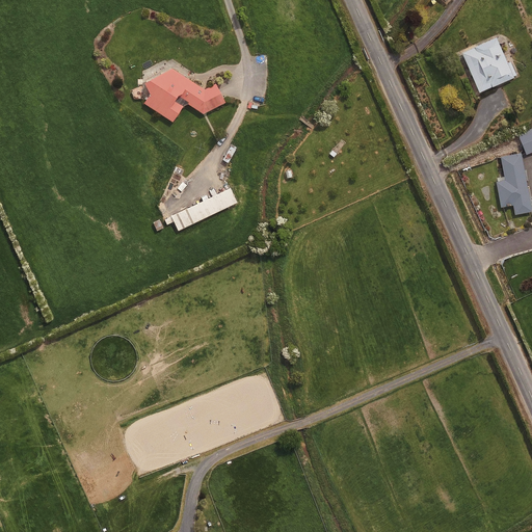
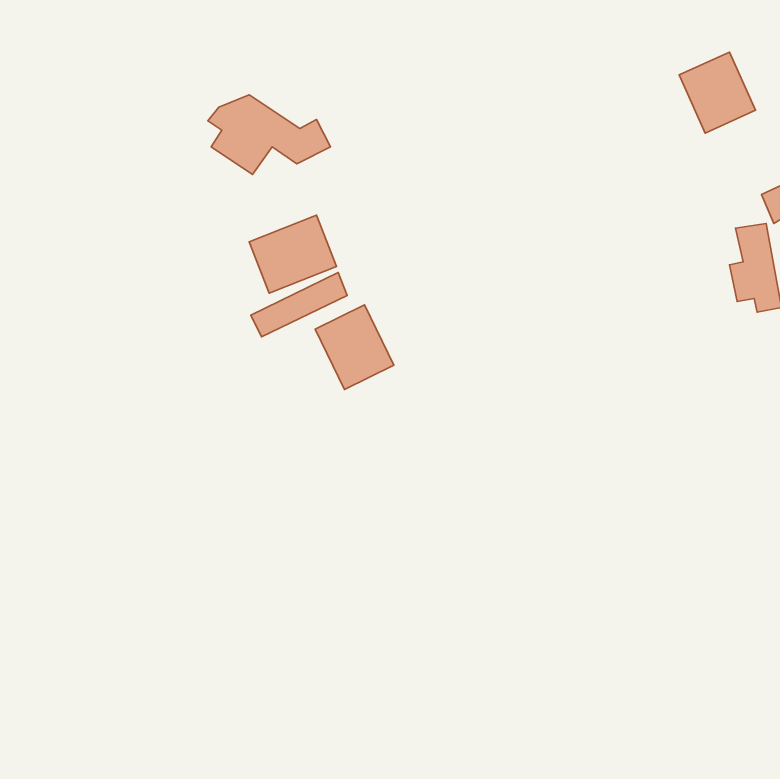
building: none -> [249,215,336,293]
building: none -> [315,305,394,389]

